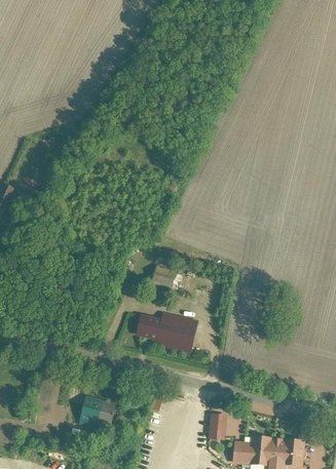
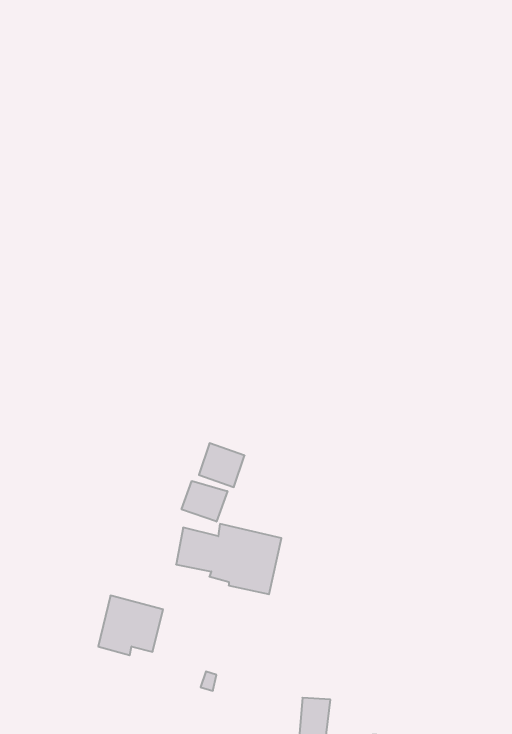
building: none -> [182,481,227,522]
building: [78,395,116,430] -> [98,596,163,655]

